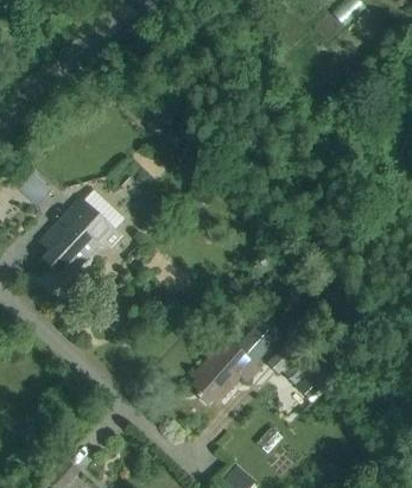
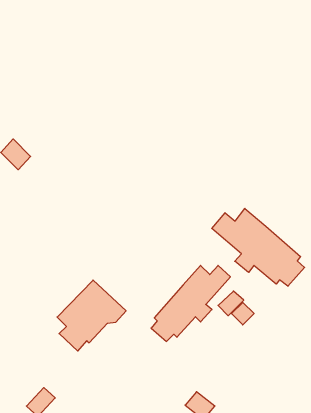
building: [39,197,119,279] -> [57,280,126,351]
building: none -> [212,208,305,286]

